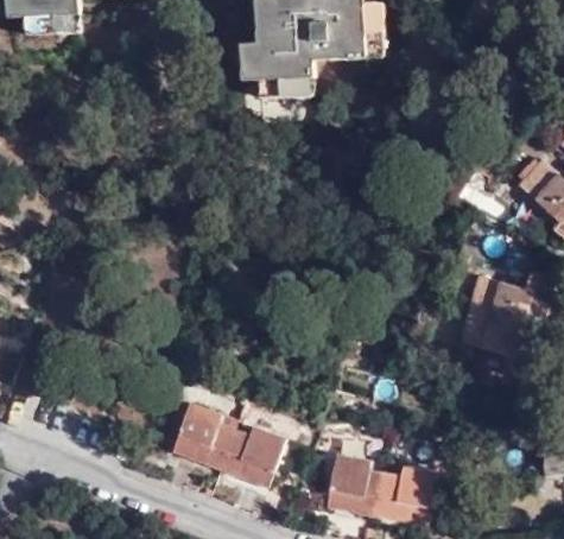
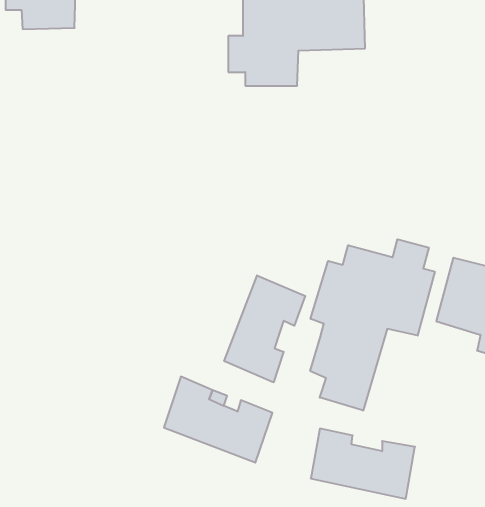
building: none -> [310,239,435,411]
building: none -> [224,275,305,382]

